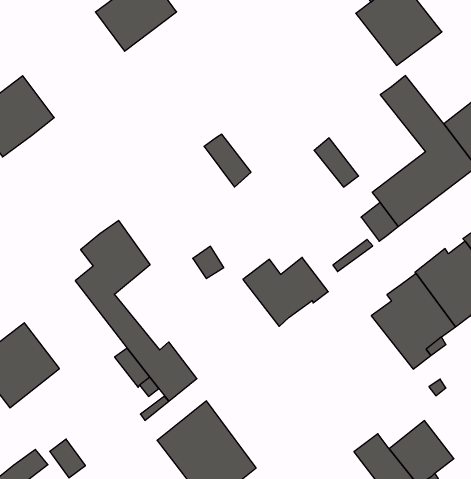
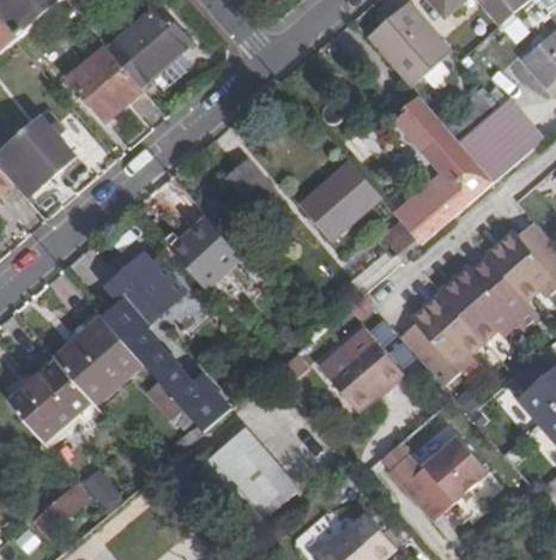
building: none -> [68,46,141,120]
building: none -> [300,173,364,239]
building: none -> [170,215,241,288]
building: [243,257,328,326] -> [319,339,404,409]
building: none -> [55,315,143,403]

